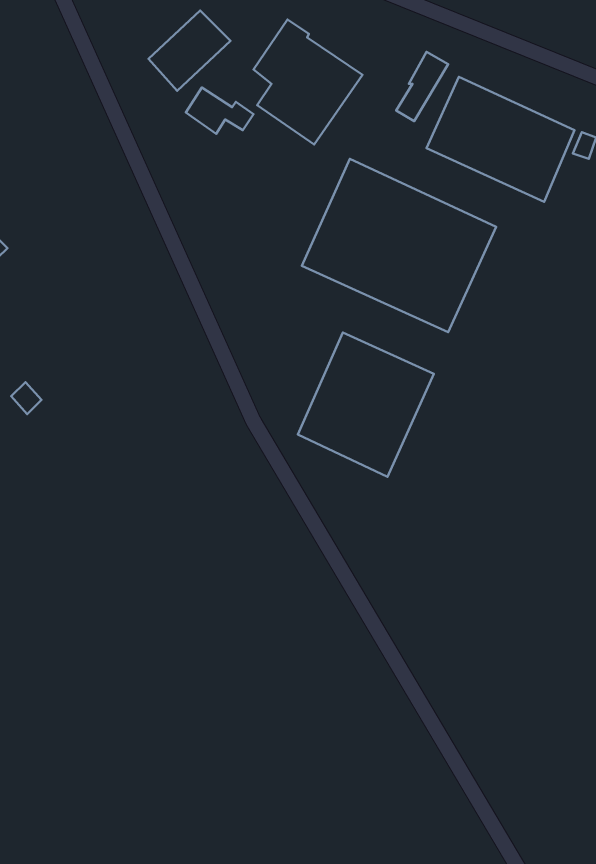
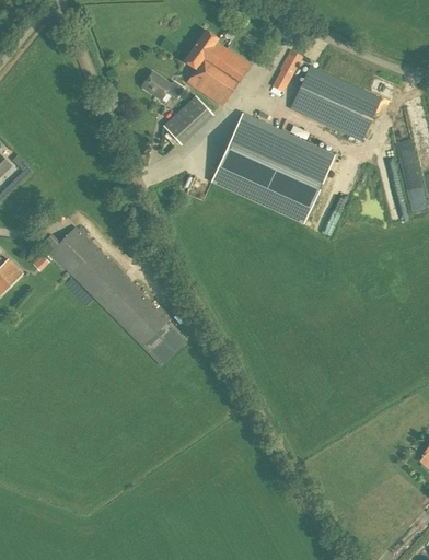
building: [149,10,231,91] -> [163,95,213,144]
building: [298,333,434,477] -> none
building: none -> [40,225,188,365]

